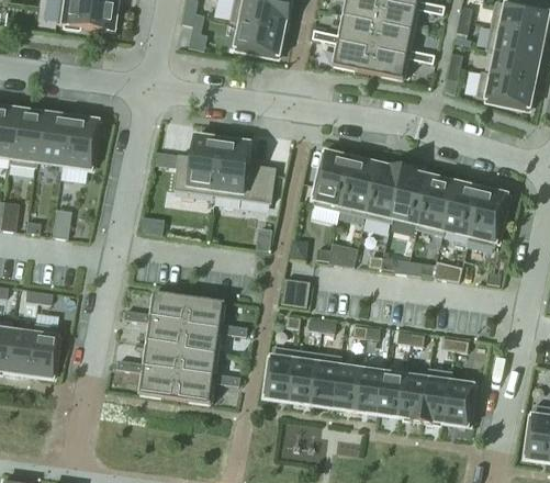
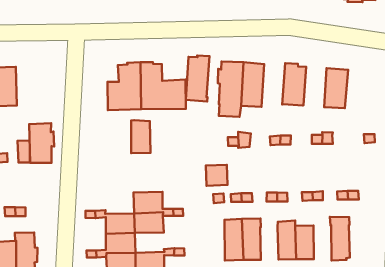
building: [61,116,97,169] -> [29,123,54,163]
building: [366,164,404,223] -> [186,55,210,101]
building: [416,176,454,235] -> none
building: [467,188,508,247] -> none
building: none -> [131,120,150,153]
building: [149,291,189,323] -> none
building: [266,346,296,400] -> none
building: [179,347,218,377] -> none
building: [334,366,361,409] -> none
building: [400,374,428,422] -> none
building: [445,381,473,425] -> none

